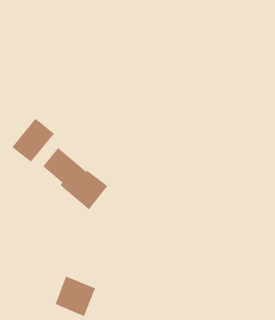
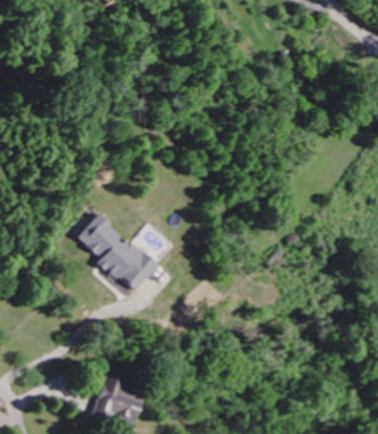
building: [12,118,55,162] -> none

